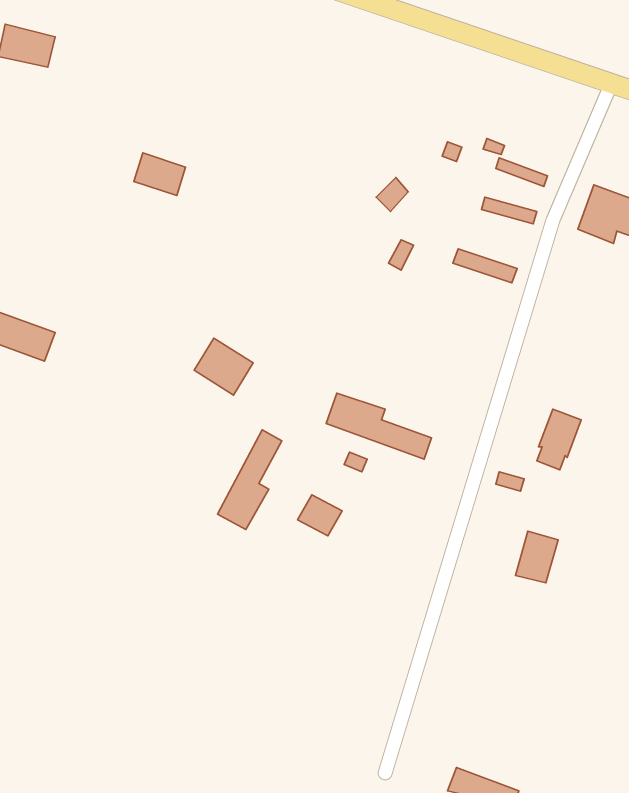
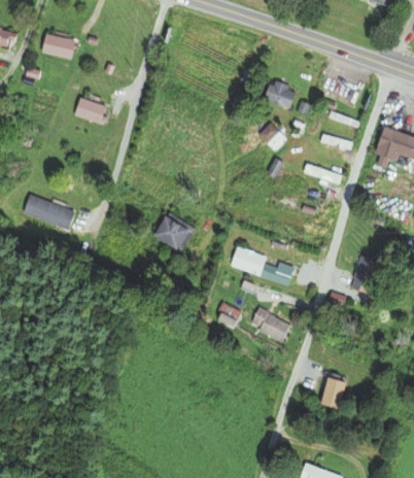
building: none -> [264,80,295,107]
building: [134,153,186,196] -> [74,97,104,122]
building: [218,430,282,529] -> none
building: none -> [252,307,288,341]
building: [515,531,558,583] -> [321,377,346,407]

